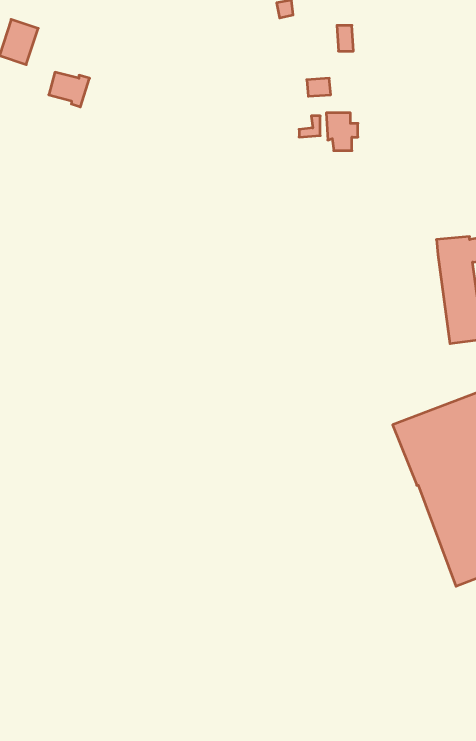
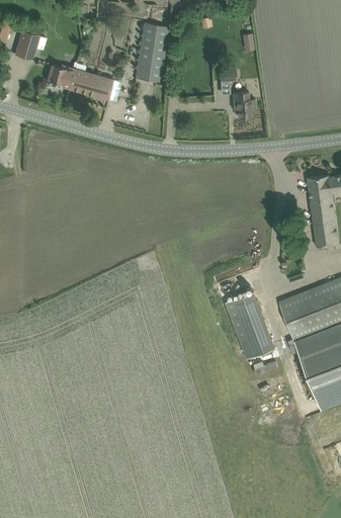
building: none -> [135,23,168,83]
building: none -> [68,64,118,102]
building: none -> [225,292,274,360]

